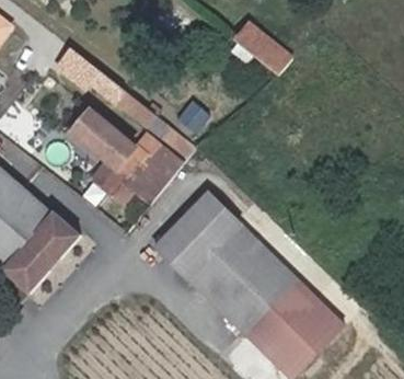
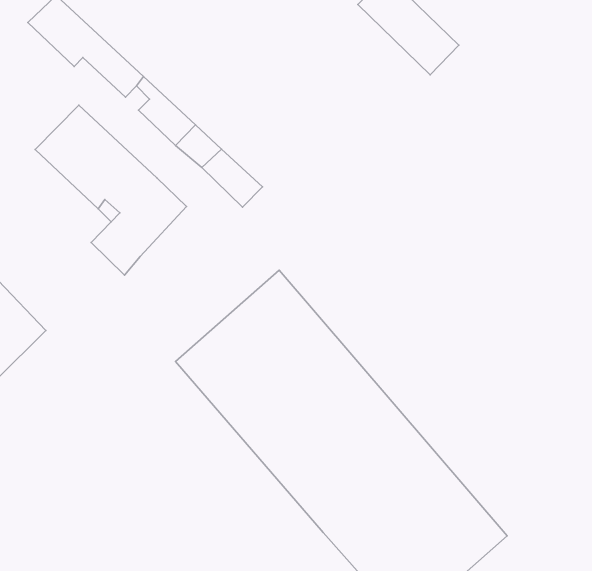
building: [130,131,182,202] -> none

